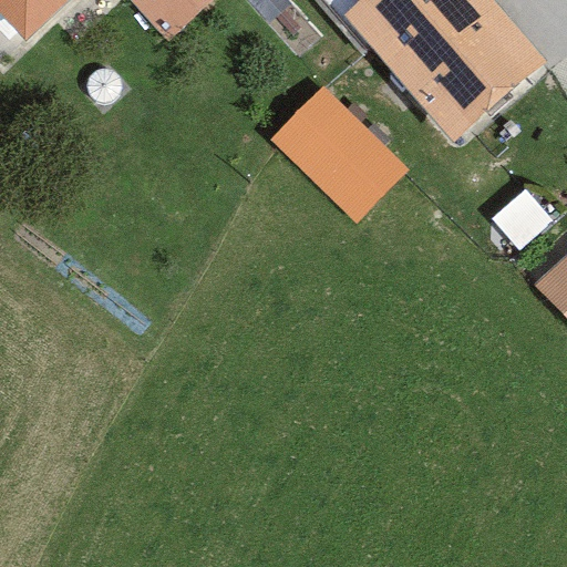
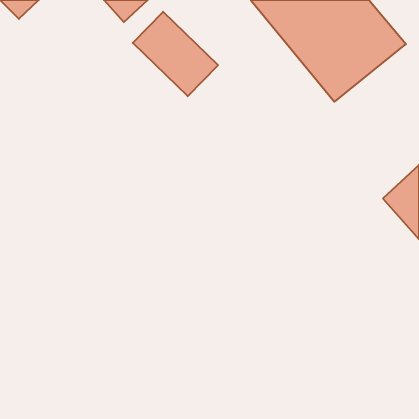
building: [282,93,398,207] -> [133,12,218,96]

